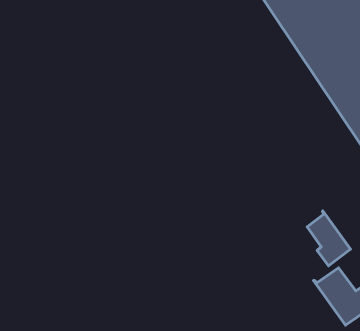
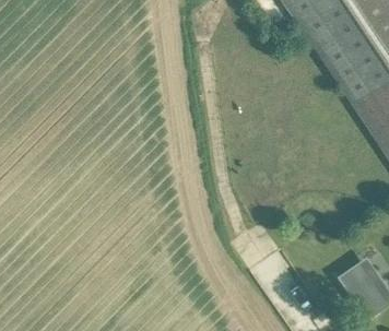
building: [307,211,350,266] -> none

